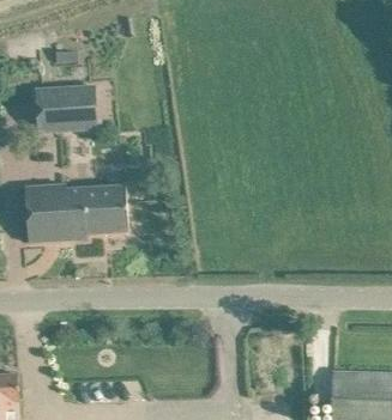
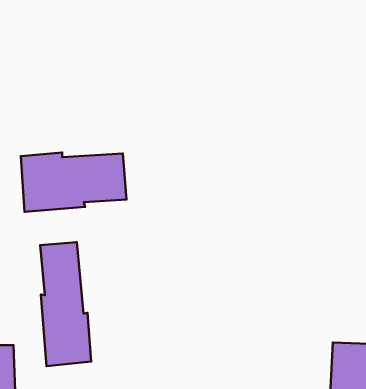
building: [35,86,96,132] -> none
building: none -> [40,242,91,366]

